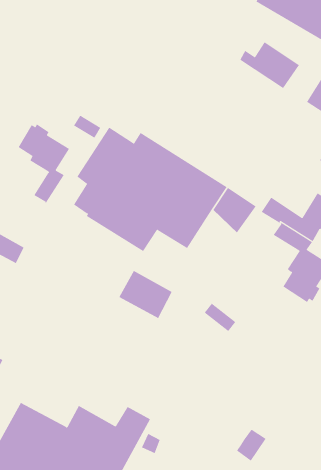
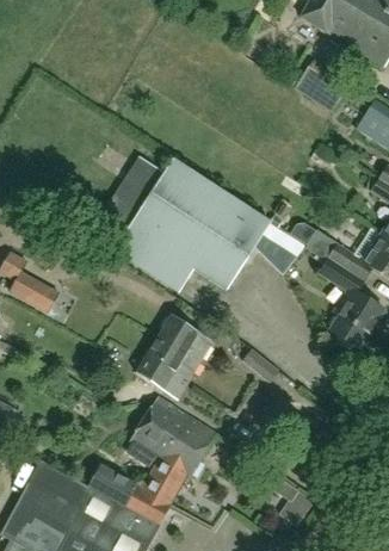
building: [18,124,70,204] -> none
building: none -> [134,343,194,397]
building: none -> [126,395,218,481]

